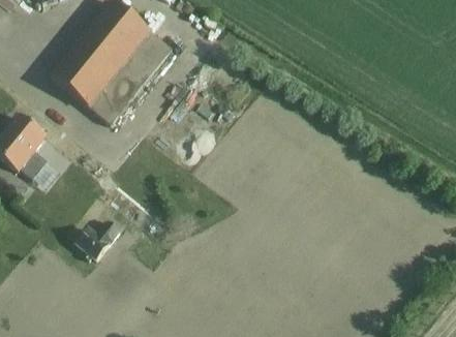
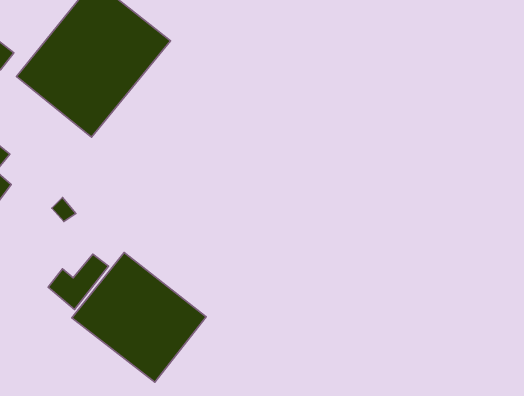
building: none -> [72,252,206,382]

